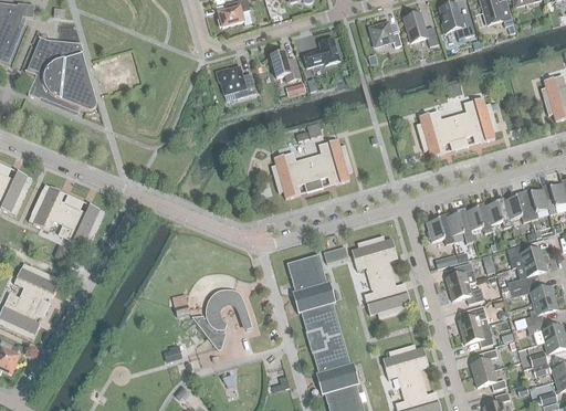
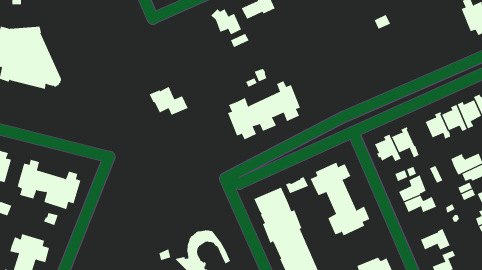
building: [216,65,256,97] -> [149,86,188,116]
building: [416,96,497,156] -> none
building: [464,201,492,232] -> none
building: [458,305,488,331] -> none

